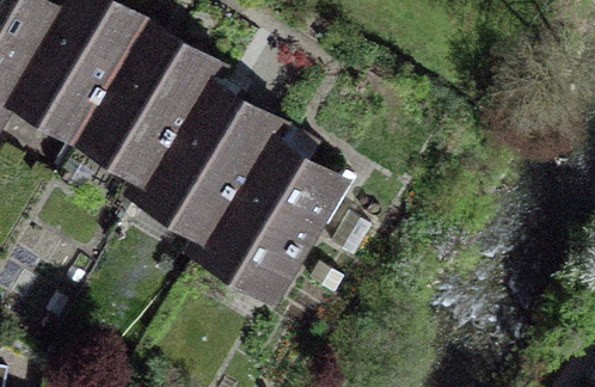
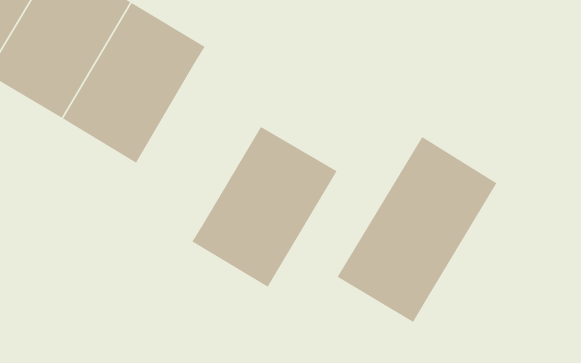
building: [140,86,275,236] -> none
building: none -> [337,136,497,323]

